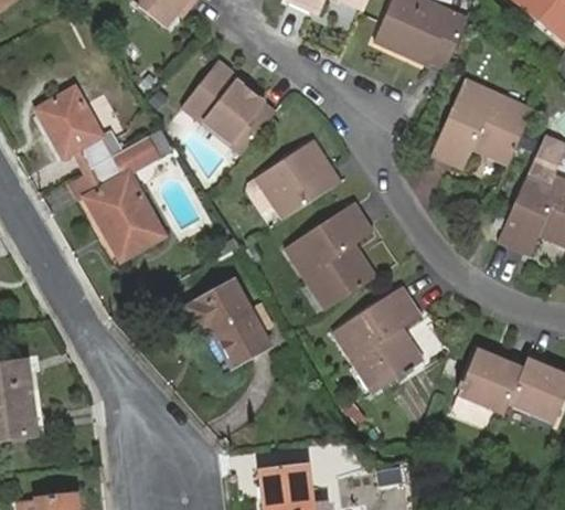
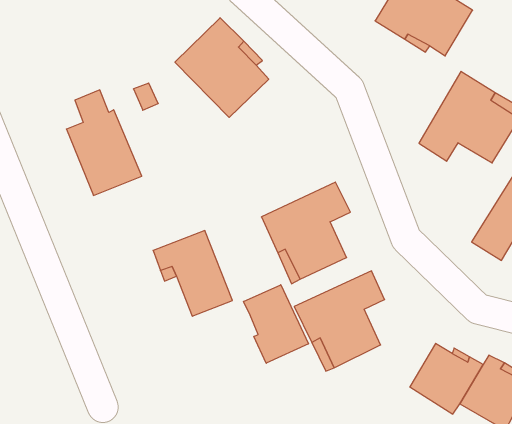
building: [34,81,110,158] -> none
building: [244,139,334,222] -> none
building: none -> [244,285,308,363]

